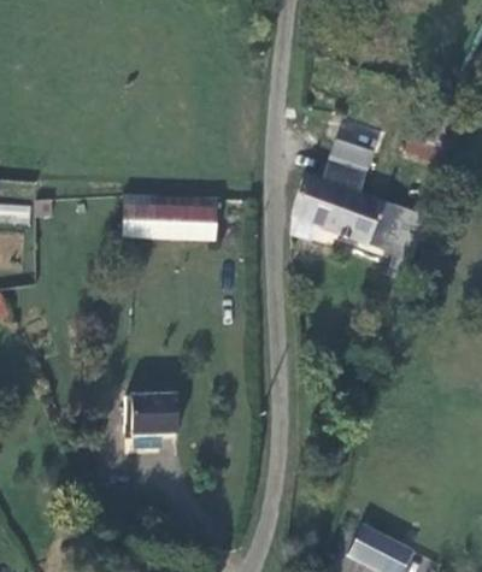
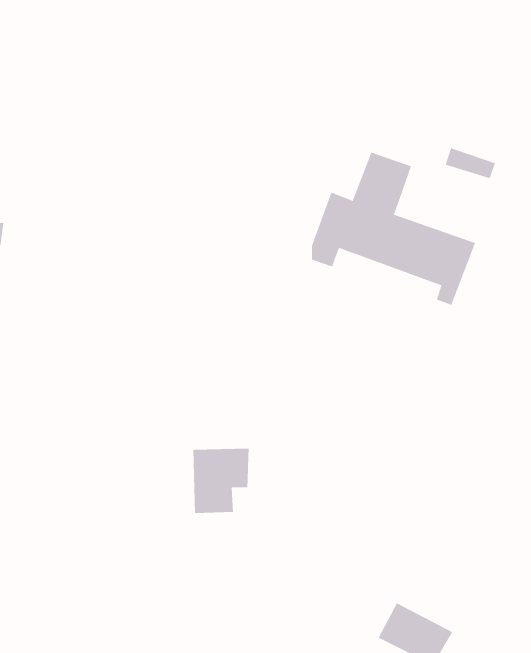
building: [127,195,217,235] -> none
building: [129,395,177,450] -> [193,448,250,514]

